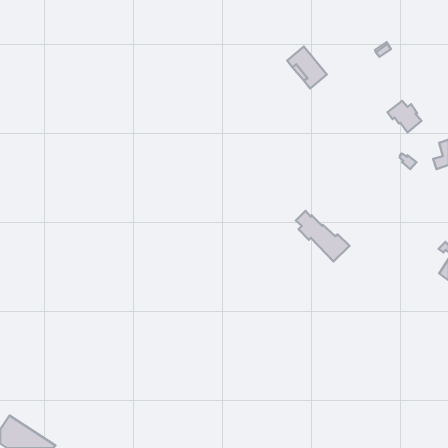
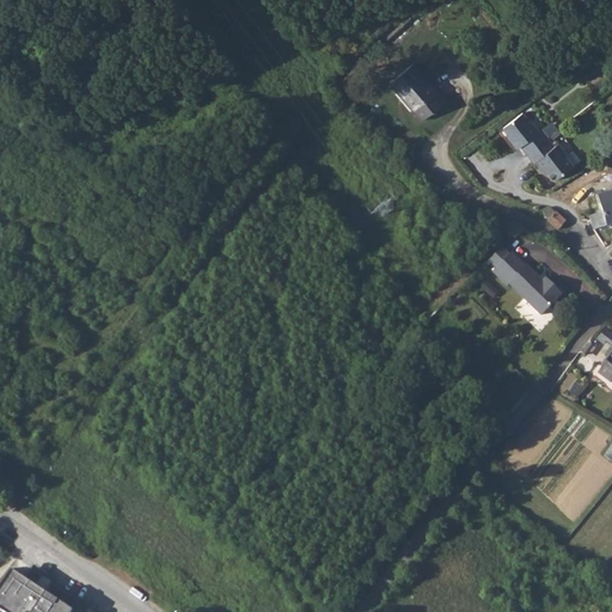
building: none -> [504,112,549,153]
building: [296,211,349,262] -> [490,246,563,316]

